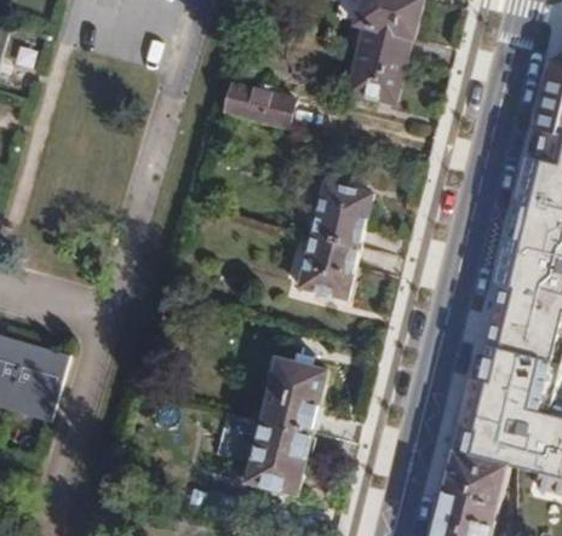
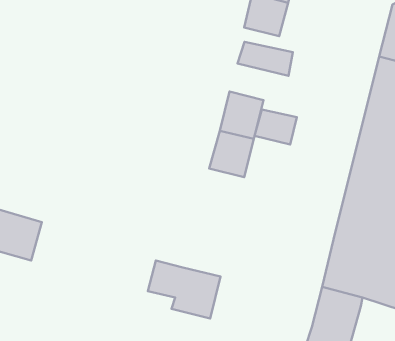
building: [220,81,297,128] -> [238,42,293,76]
building: none -> [255,109,297,145]
building: [262,355,329,434] -> none

